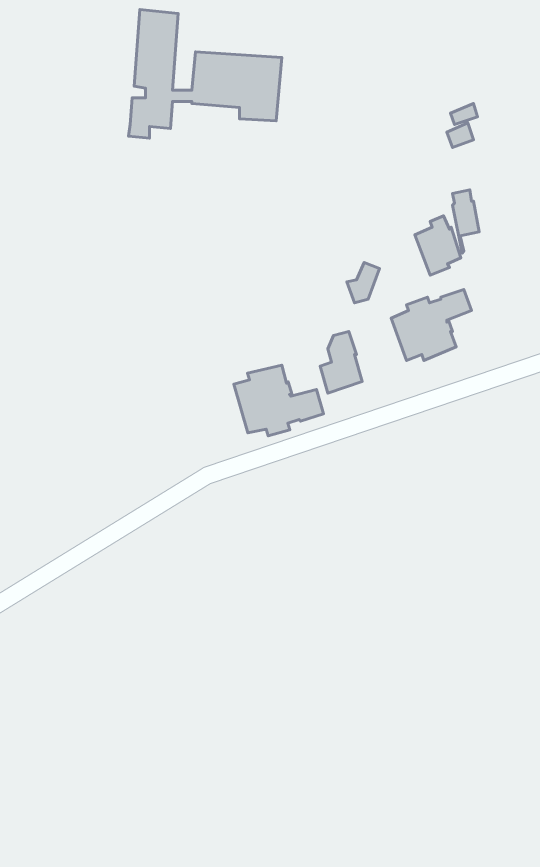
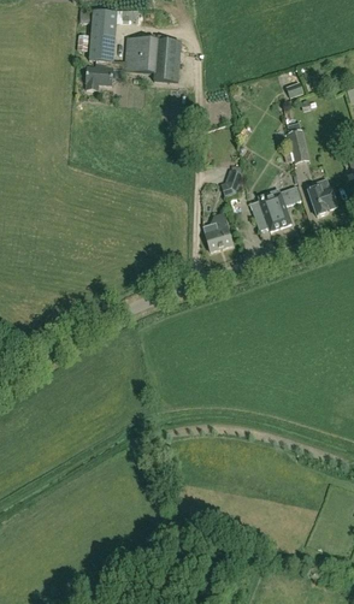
building: [415,216,461,275] -> [308,178,337,215]
building: [234,365,324,436] -> none

